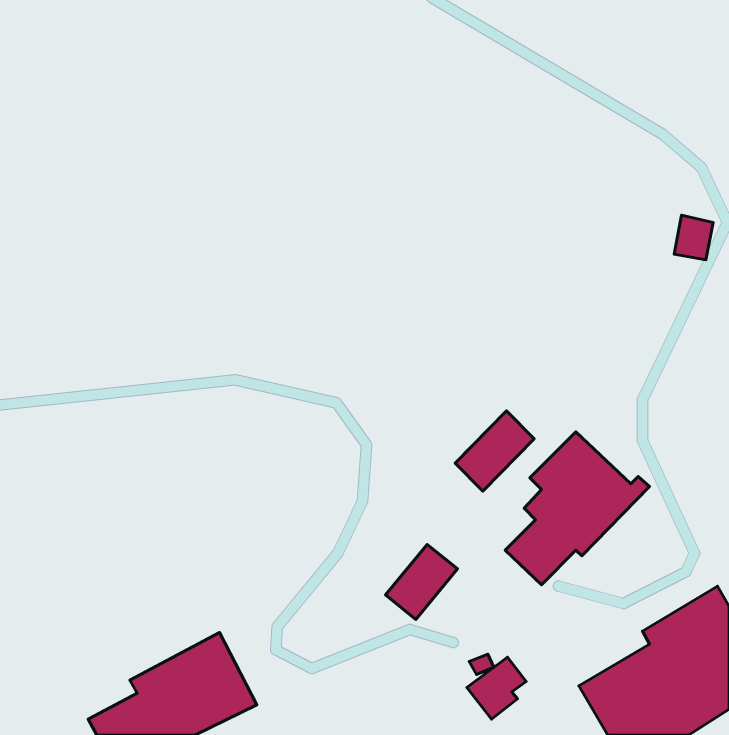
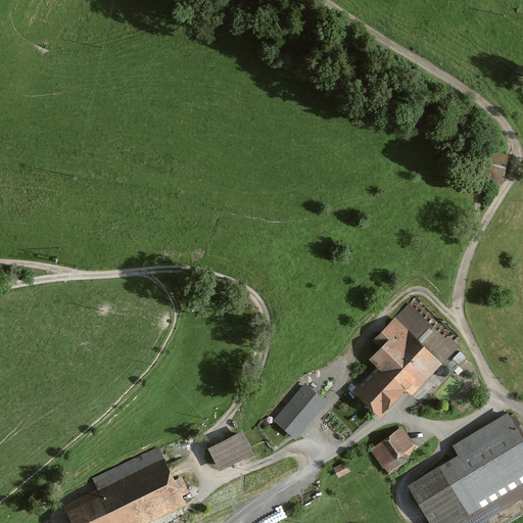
building: [455,411,534,491] -> none
building: none -> [210,432,252,469]
building: [467,657,526,719] -> [369,430,411,474]

